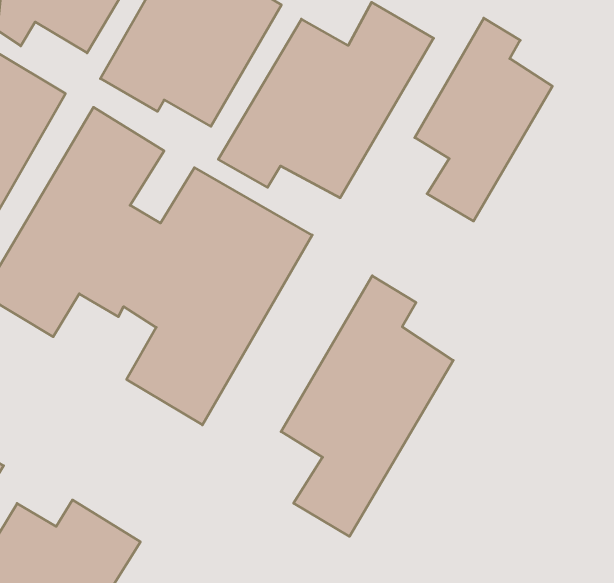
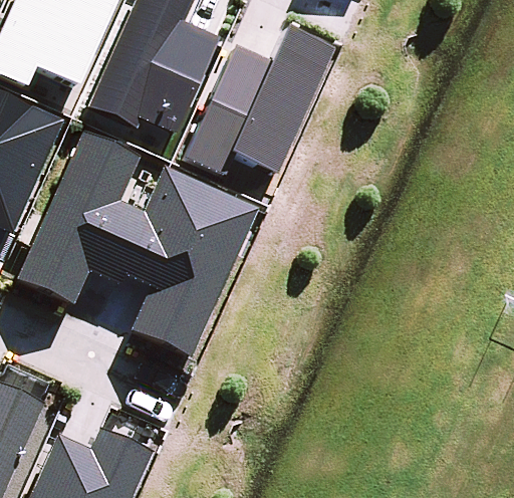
building: [415,18,552,221] -> none
building: [281,276,453,536] -> none

